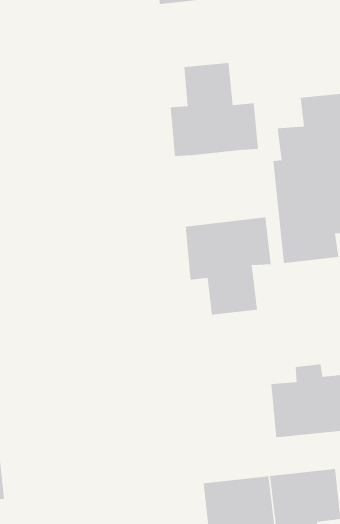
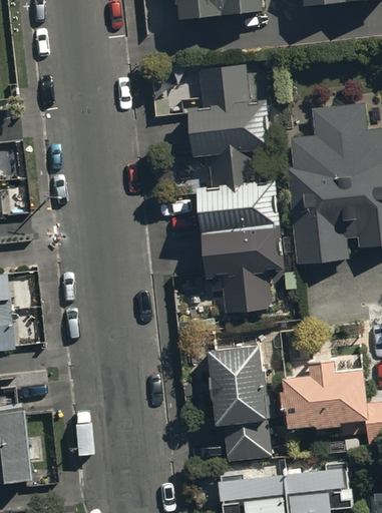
building: none -> [198,156,280,228]
building: none -> [208,347,268,463]

